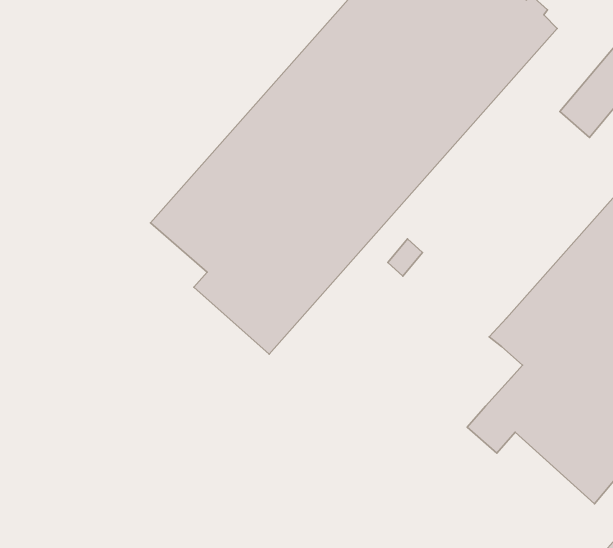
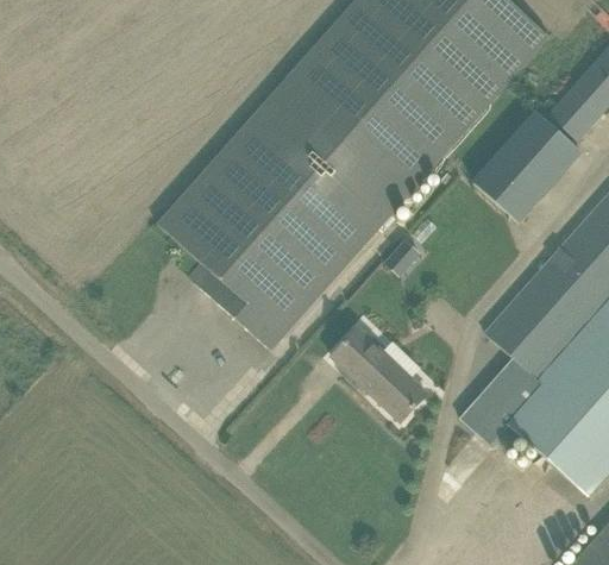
building: none -> [472,109,583,222]
building: none -> [332,327,427,420]

